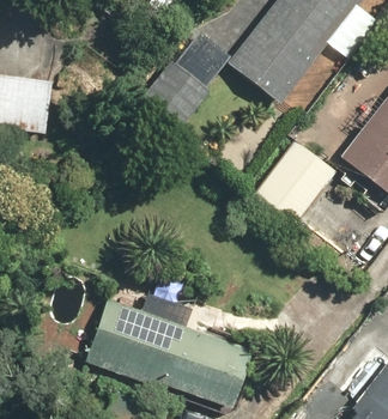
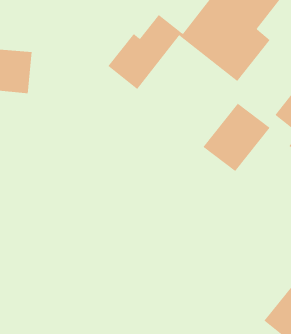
building: [86,298,255,407] -> none

